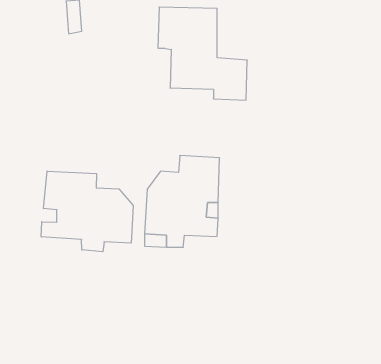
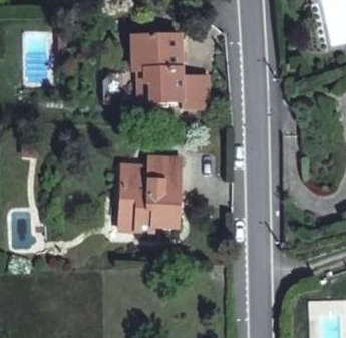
building: [41,171,133,252] -> none

